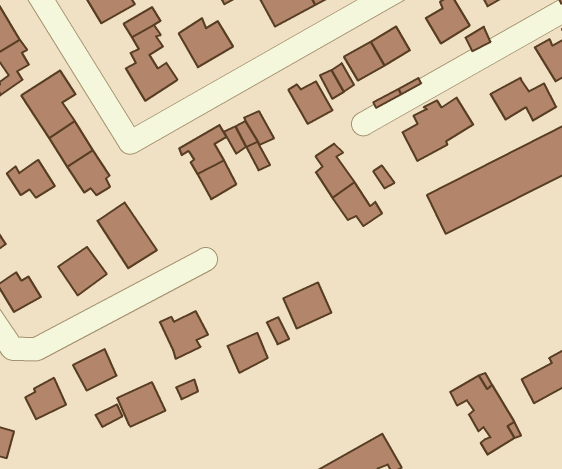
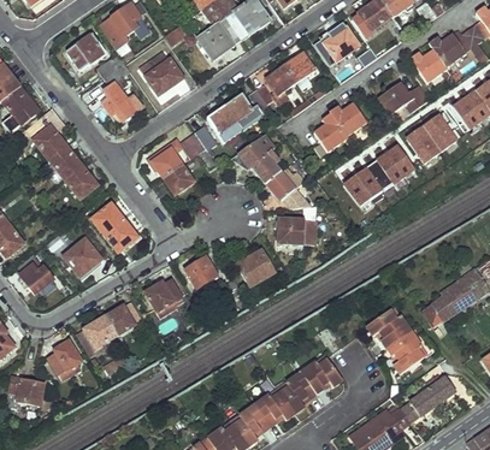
building: none -> [211,107,243,143]
building: [7,160,55,198] -> none
building: none -> [277,206,317,244]
building: [227,333,268,373] -> [185,257,217,289]
building: [117,382,165,427] -> [106,301,143,336]

